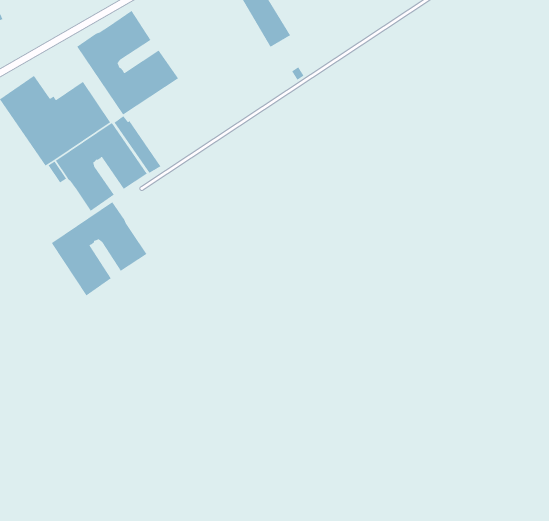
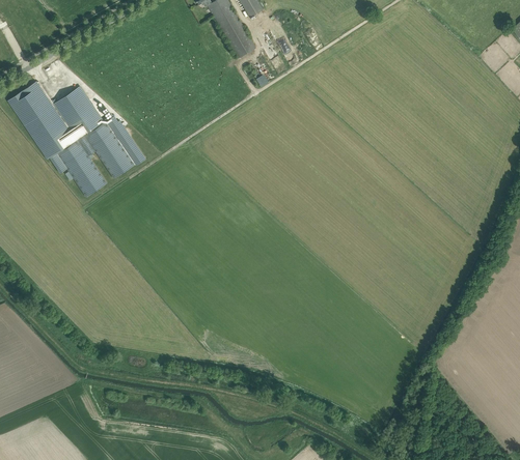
building: [76,10,179,115] -> none
building: [51,201,147,296] -> none

